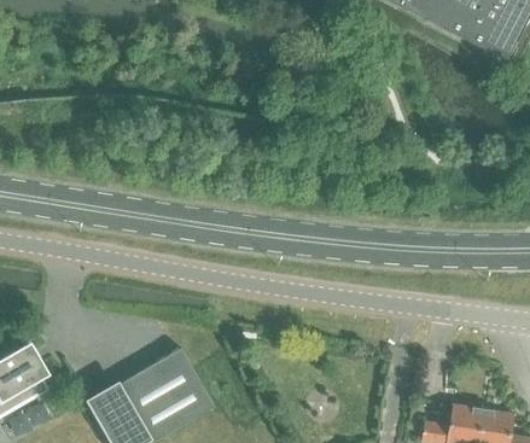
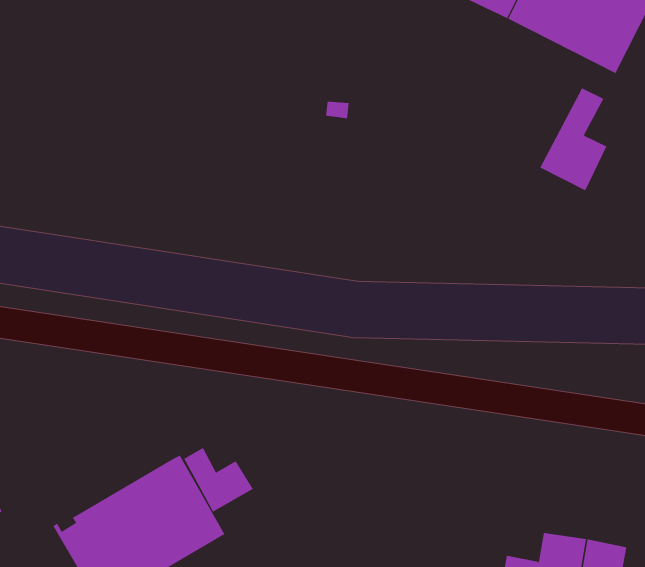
building: none -> [539,87,607,191]
building: none -> [183,447,253,512]

